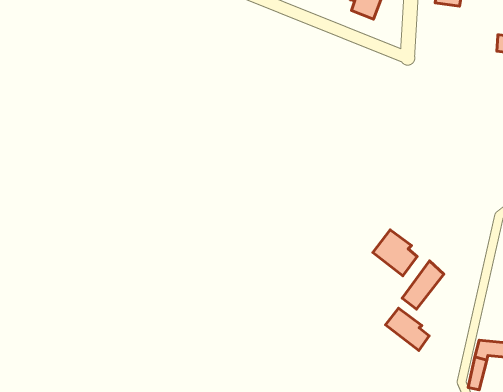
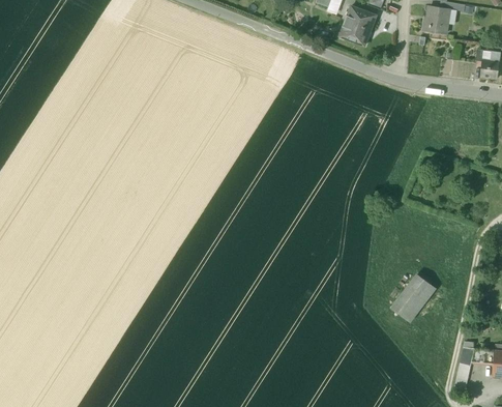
building: [373,230,417,276] -> none
building: [386,308,429,351] -> none

